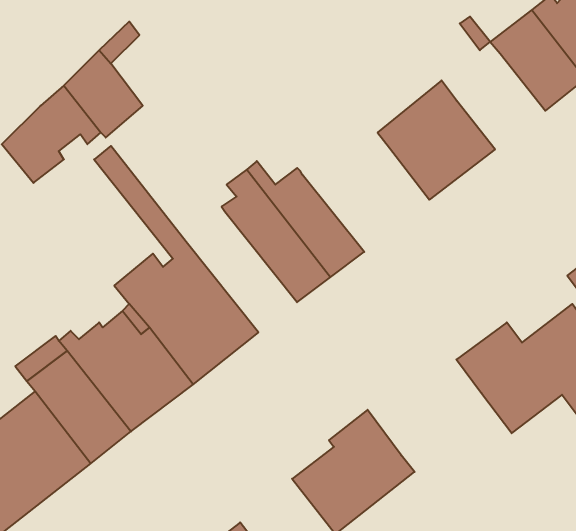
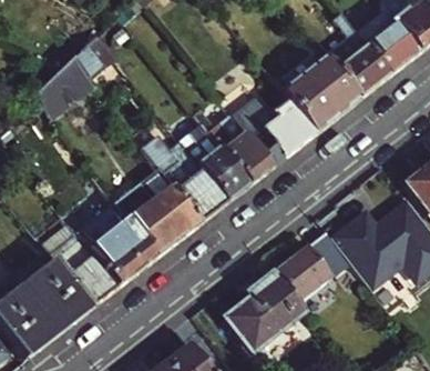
building: none -> [331,37,390,100]
building: none -> [229,96,314,168]
building: none -> [153,141,226,221]
building: none -> [273,231,348,302]

